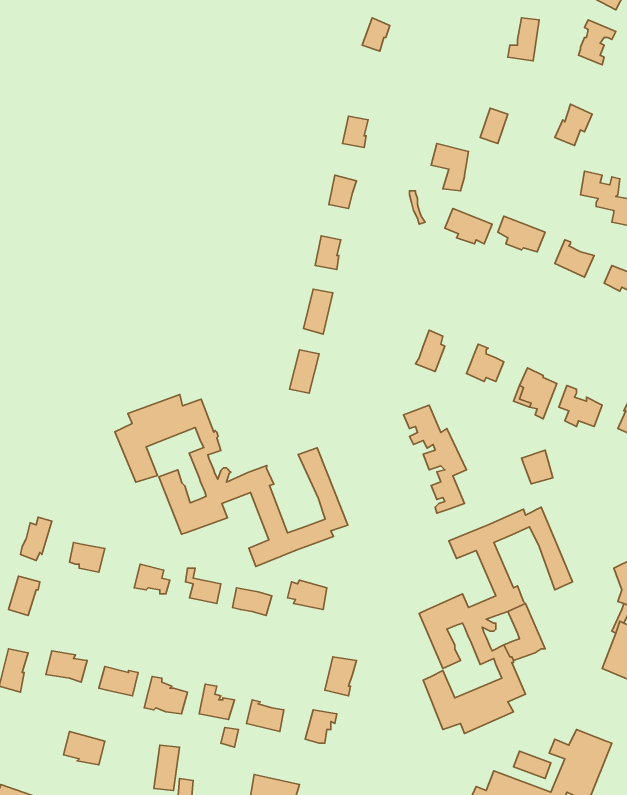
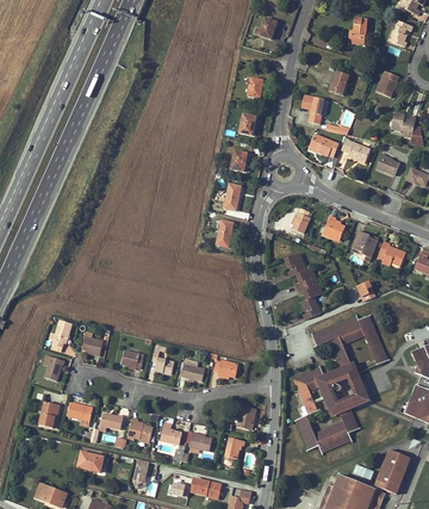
building: [115,394,348,567] -> none

